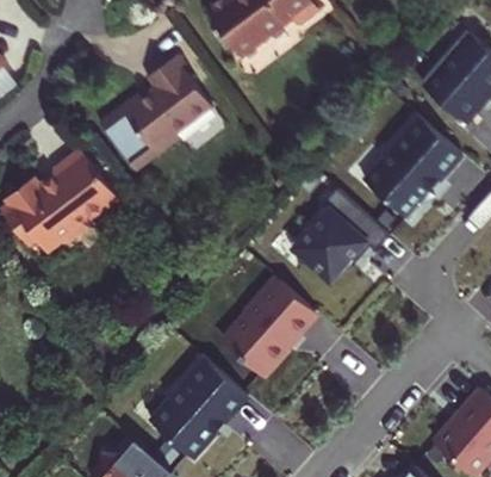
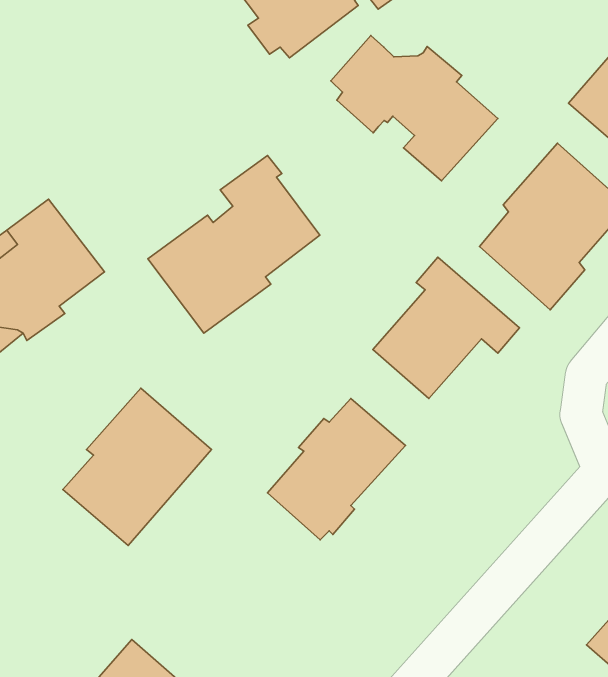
building: none -> [331,36,498,181]
building: [98,54,211,171] -> [148,156,320,333]
building: [149,354,247,458] -> [63,388,211,546]

